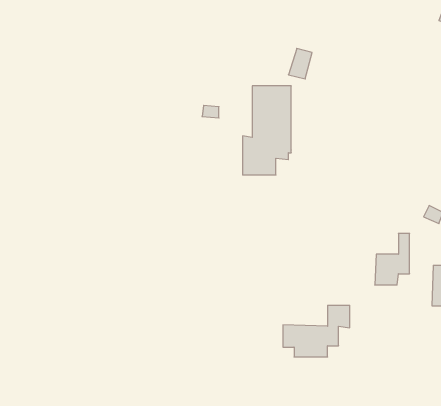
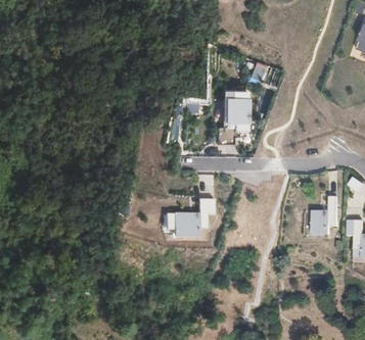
building: [283,305,350,357] -> [164,199,213,237]

